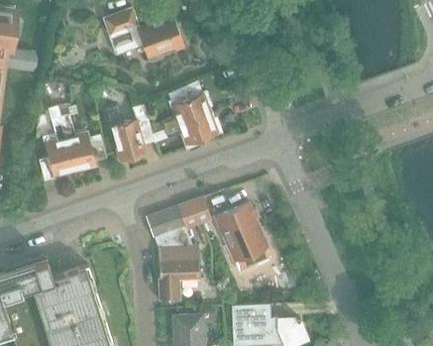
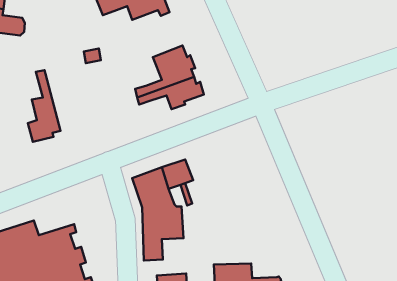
building: [106,106,153,161] -> none
building: [58,107,106,169] -> none
building: [214,203,268,271] -> none

